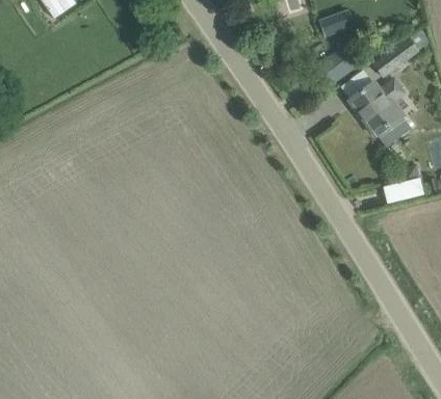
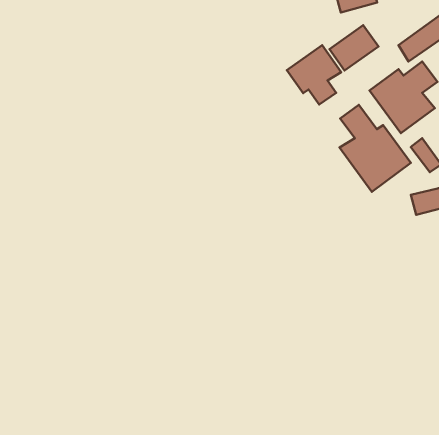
building: none -> [287,45,341,104]
building: none -> [339,105,411,192]

